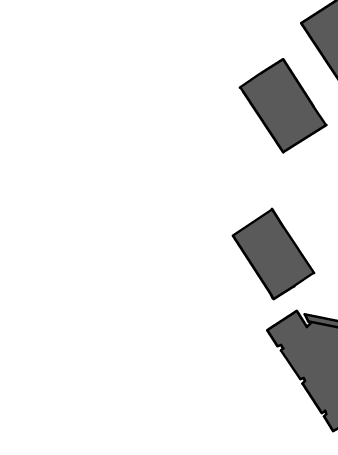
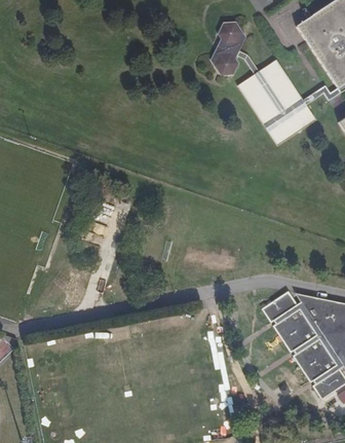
building: none -> [209,22,244,75]
building: [233,209,314,299] -> none

